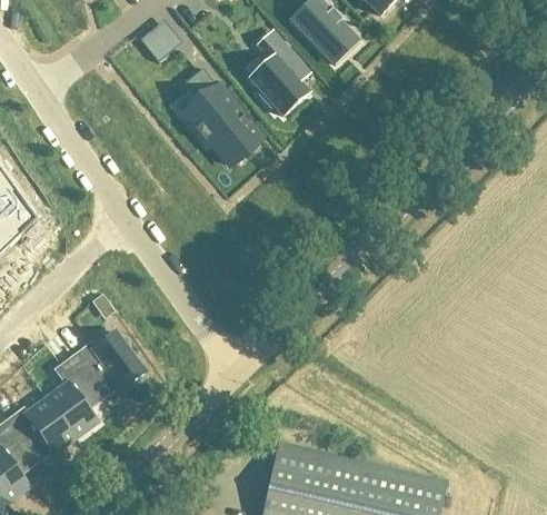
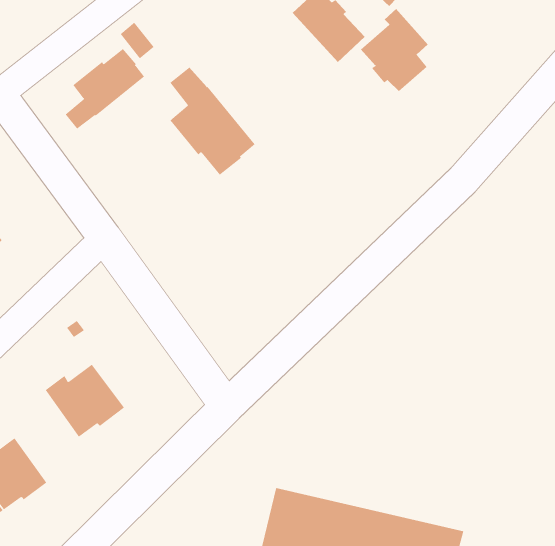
building: [248,40,309,115] -> [360,8,429,92]
building: none -> [65,48,145,129]
building: [46,355,102,437] -> none

